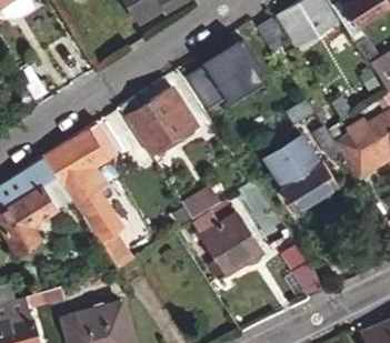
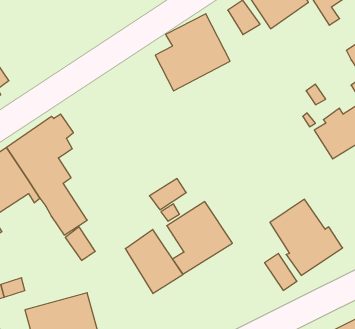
building: [120,89,198,158] -> none
building: [269,135,339,209] -> [270,199,343,275]
building: none -> [125,229,183,294]

